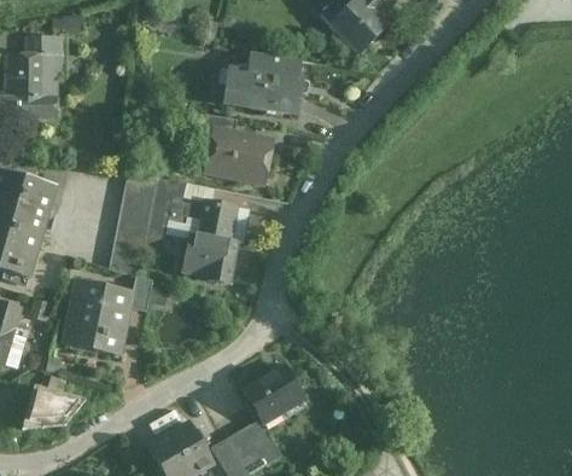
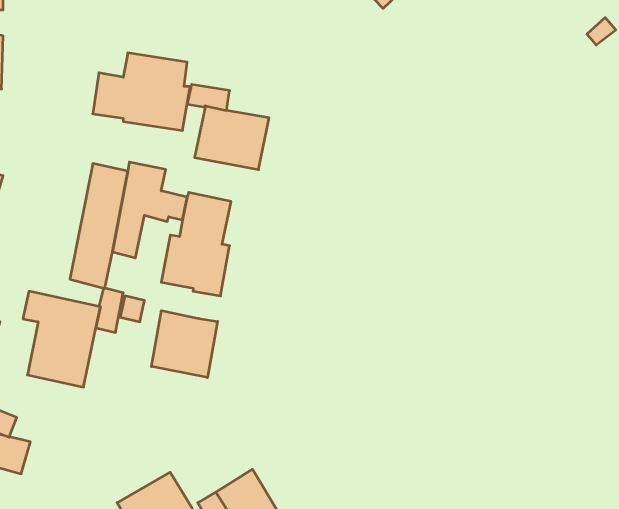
building: [224,51,302,112] -> [93,53,190,130]
building: none -> [151,311,218,378]
building: [243,364,307,420] -> none

